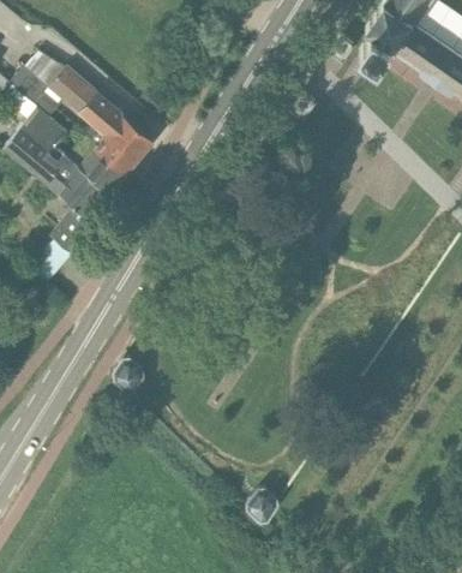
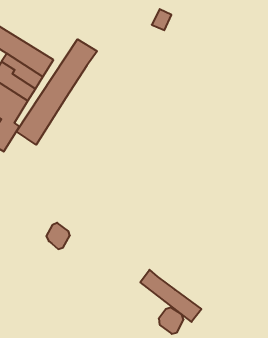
building: none -> [16,39,97,145]
building: none -> [140,270,201,322]

